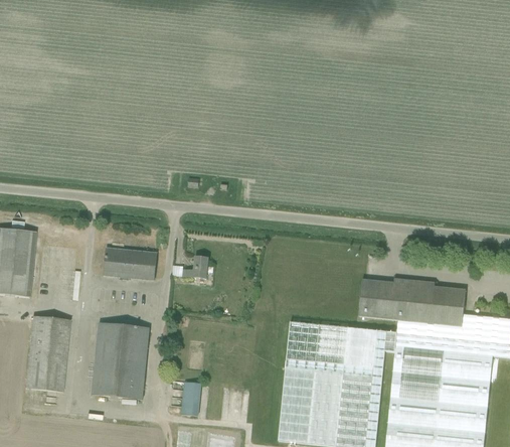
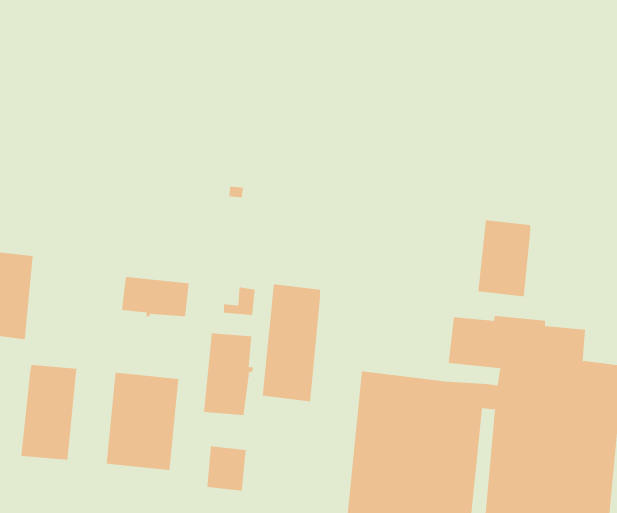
building: none -> [478,219,531,297]
building: none -> [262,284,321,402]
building: none -> [204,333,254,416]

